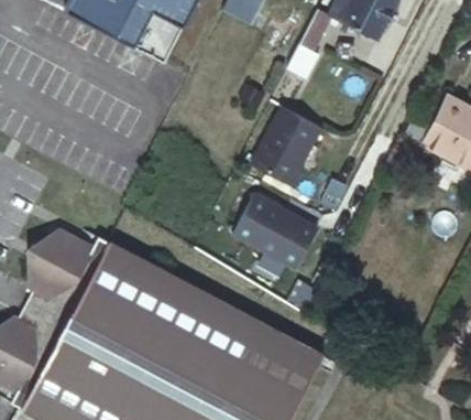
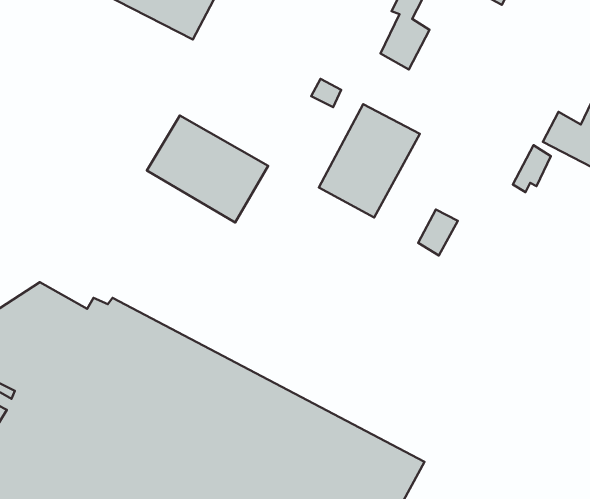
building: [233,193,318,268] -> [147,115,268,223]

